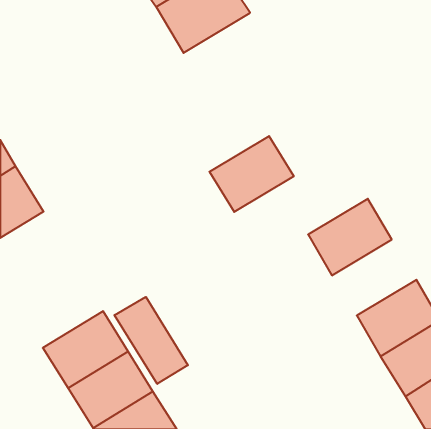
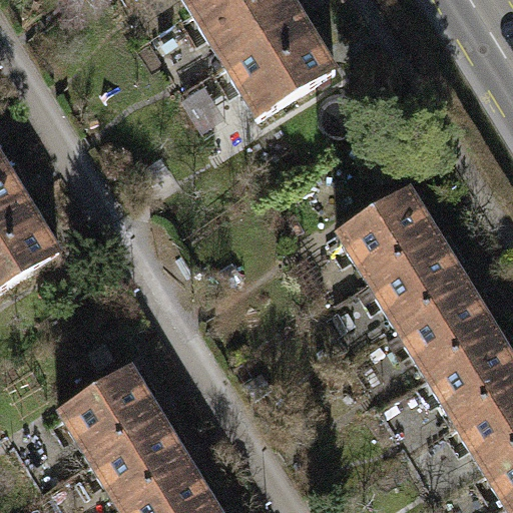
building: none -> [221,15,332,115]
building: [209,136,294,212] -> [339,186,438,276]
building: none -> [396,282,495,371]
building: [114,297,188,384] -> none

